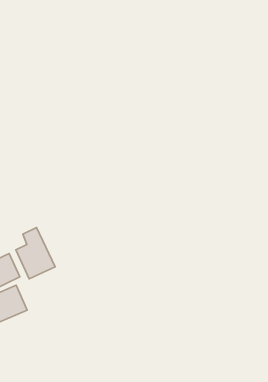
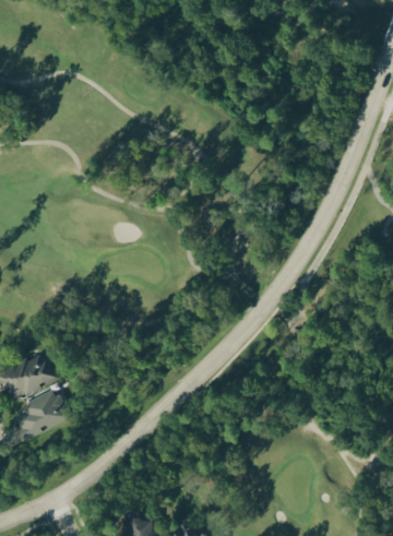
building: [16,227,55,279] -> none

